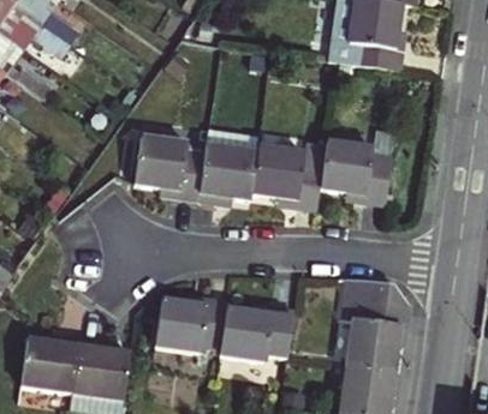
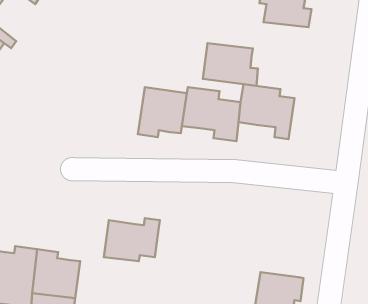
building: none -> [203,43,258,86]
building: [135,134,207,198] -> none
building: [341,278,410,370] -> none
building: [219,307,292,360] -> none

